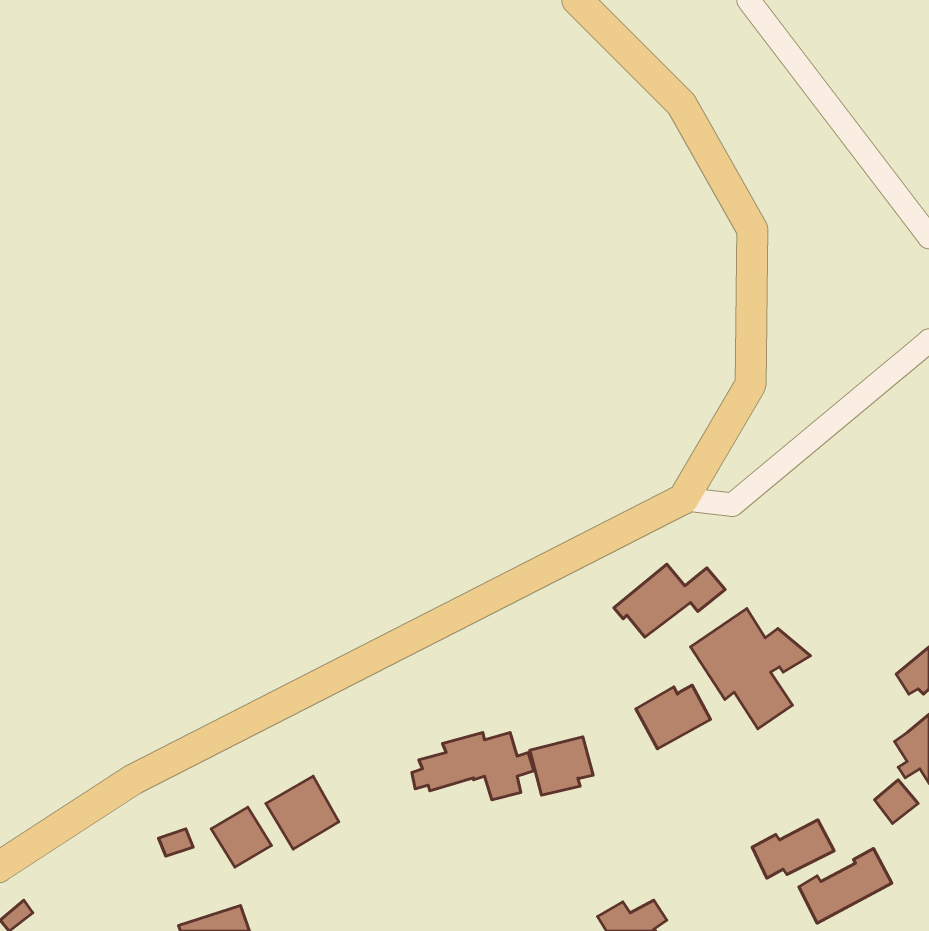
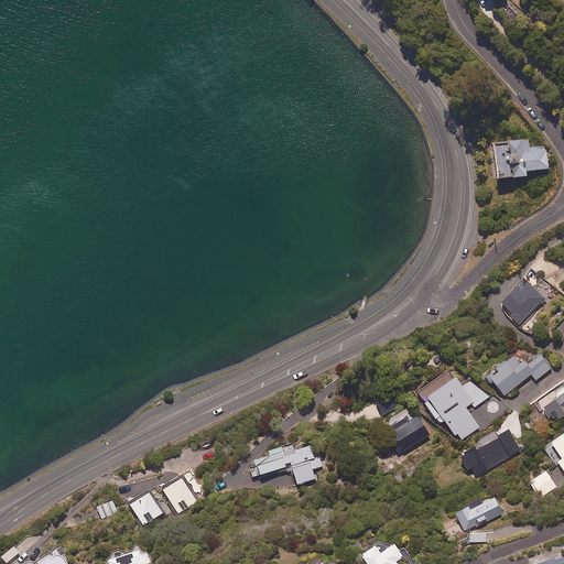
building: none -> [490,139,546,180]
building: none -> [501,279,552,332]
building: [614,564,725,637] -> [485,351,552,395]
building: [530,737,593,795] -> none
building: [799,849,892,923] -> [464,430,520,475]

